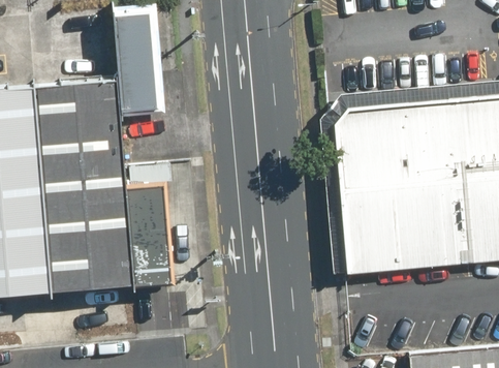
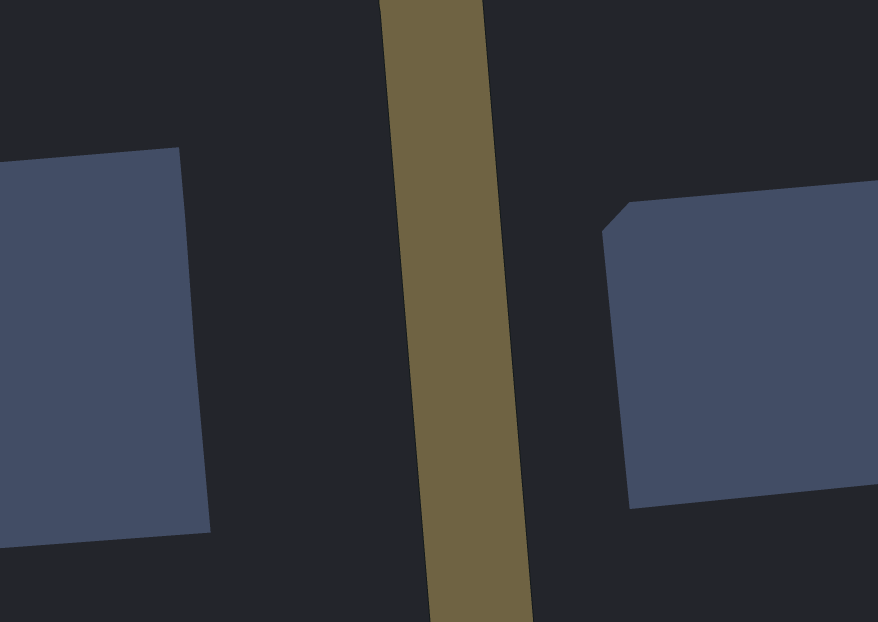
building: [106,8,154,116] -> none
building: [120,184,165,283] -> none

